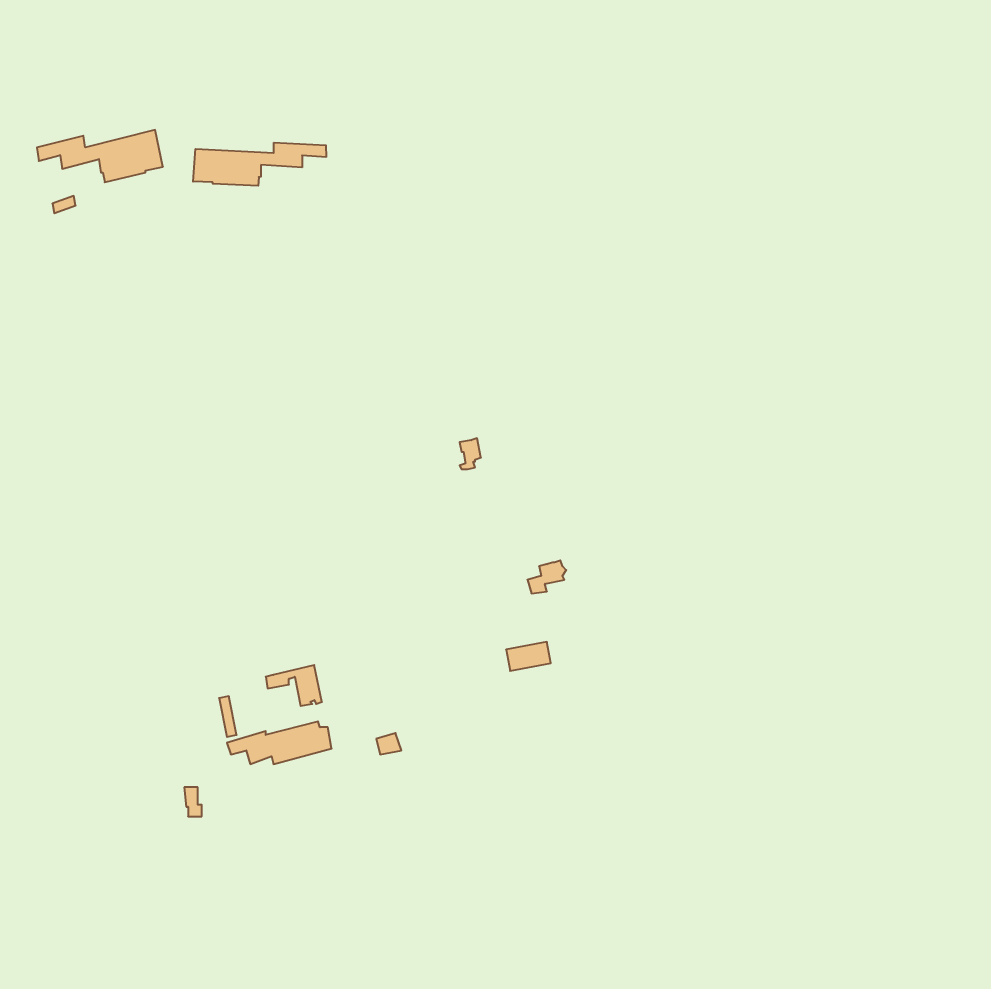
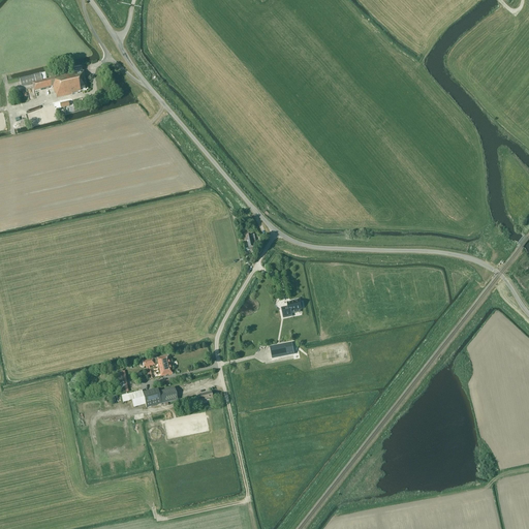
building: [193,143,326,186] -> none

